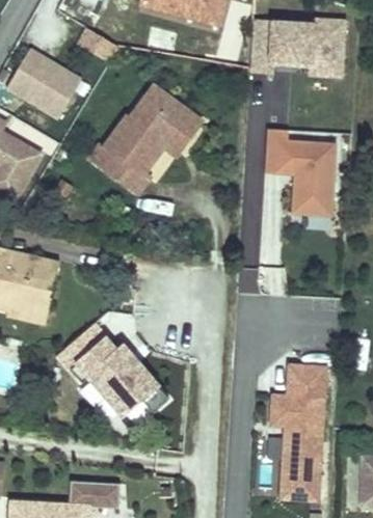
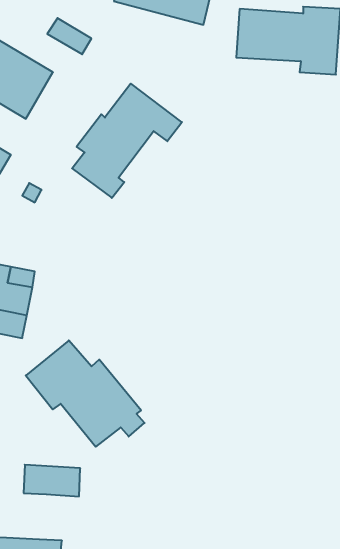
building: [264,130,336,217] -> none
building: [272,364,324,498] -> none
building: [69,480,121,509] -> [24,465,80,496]

